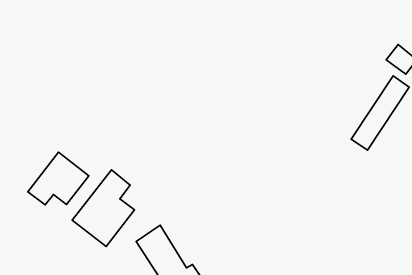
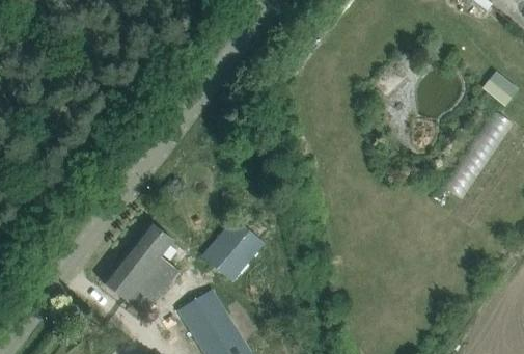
building: [28,152,89,205] -> none
building: none -> [202,211,271,283]

